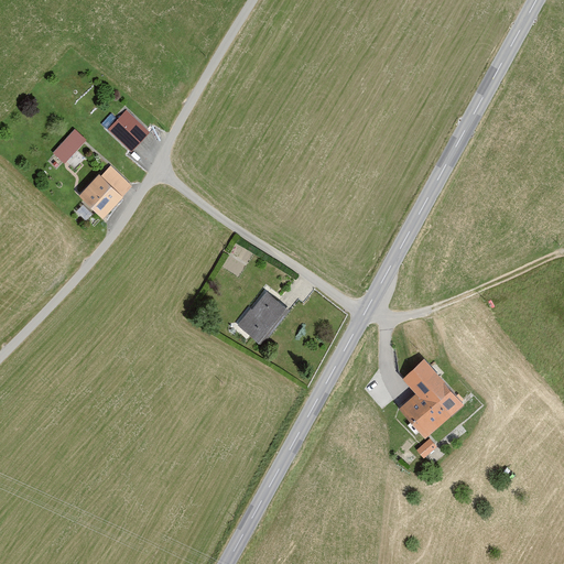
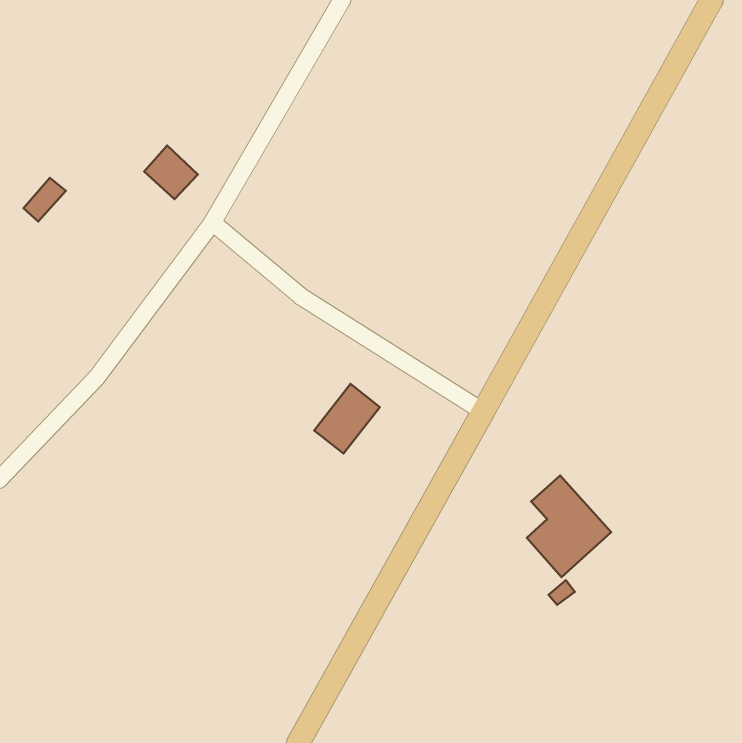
building: [54,130,86,163] -> [24,178,66,221]
building: [80,166,131,218] -> none

